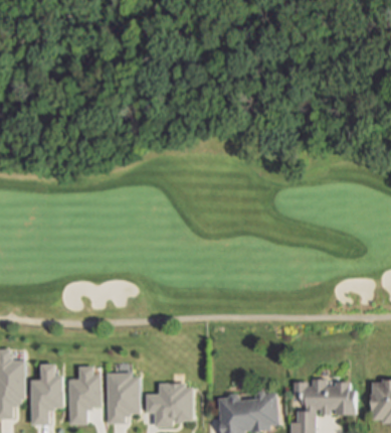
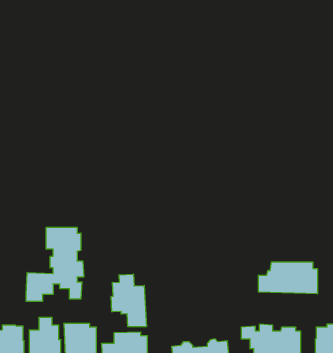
building: none -> [26,227,84,301]
building: none -> [259,262,317,294]
building: none -> [111,274,146,327]

